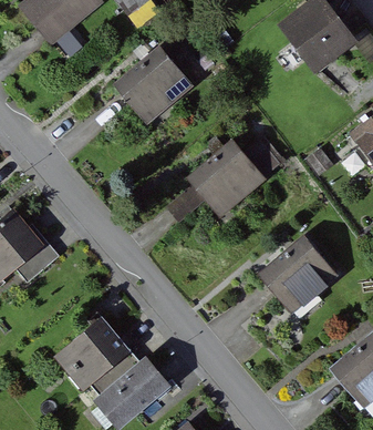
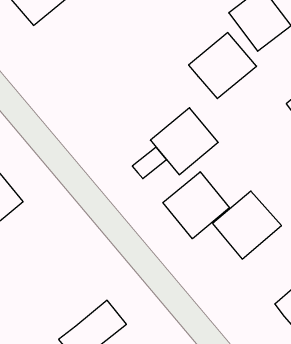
building: [115,47,194,123] -> [189,33,257,99]
building: none -> [163,172,230,239]
building: [52,316,138,392] -> none

